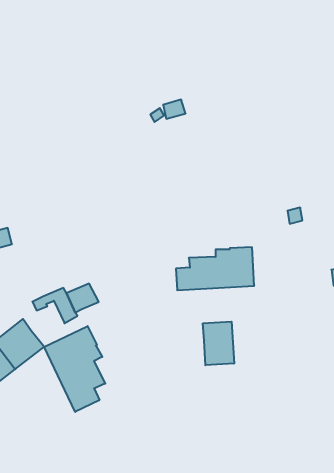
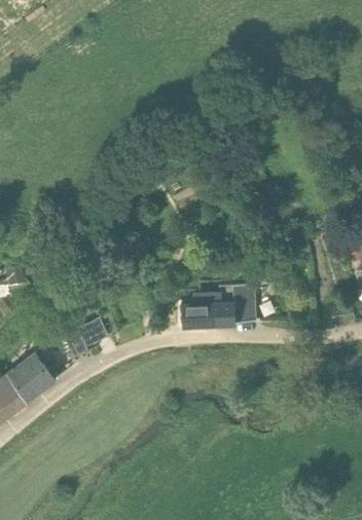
building: [203,322,234,365] -> none
building: [44,326,105,412] -> none

